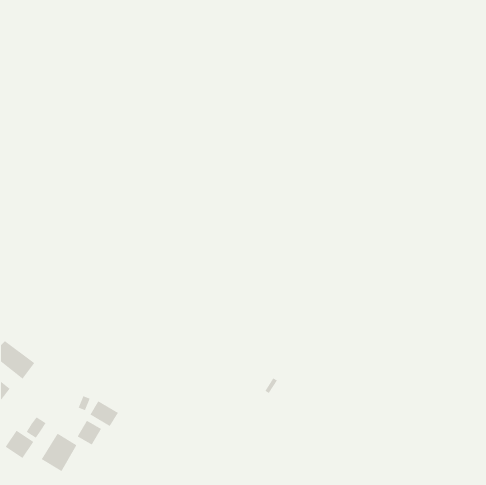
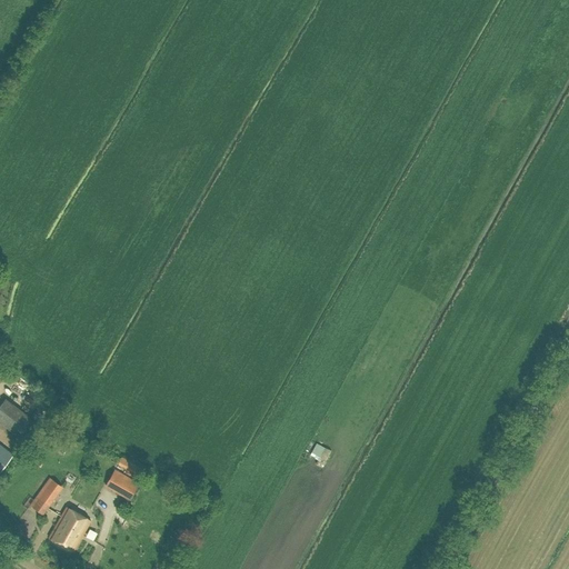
building: [77,420,102,446] -> none
building: [5,430,34,459] -> none

